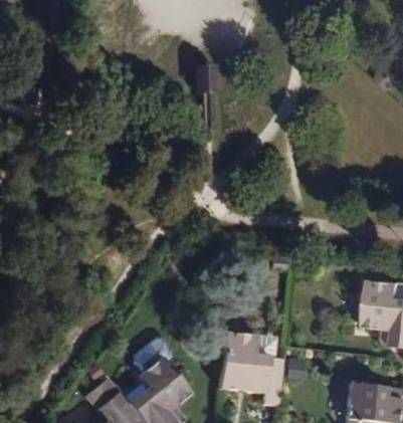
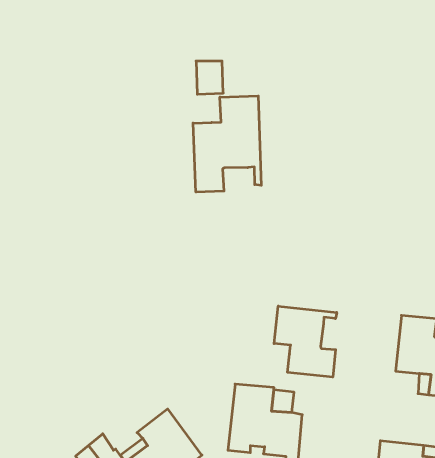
building: none -> [193,96,261,192]
building: none -> [274,306,337,377]

